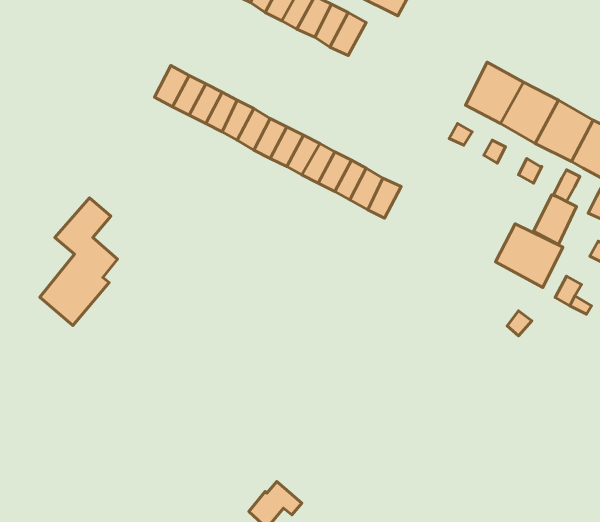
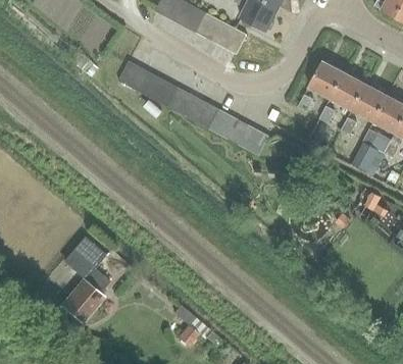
building: [40,198,118,325] -> [60,243,108,321]
building: [495,224,563,288] -> none

